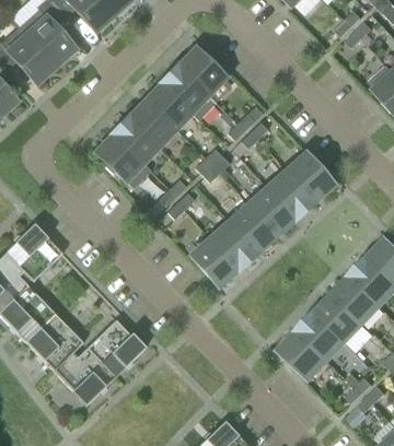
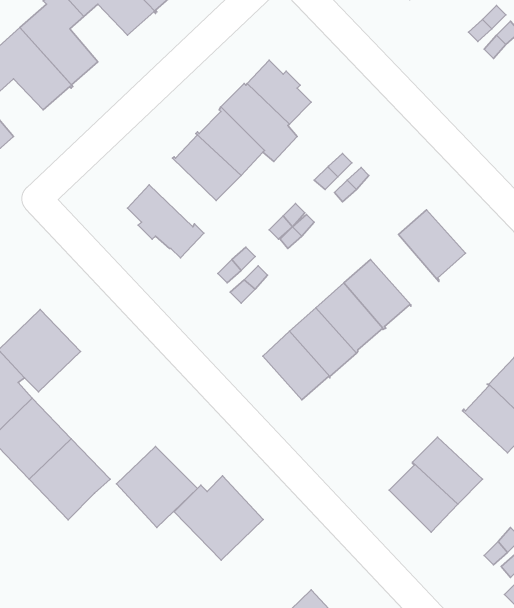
building: [111,117,158,165] -> none
building: [266,171,314,220] -> none
building: [313,294,362,342] -> none
building: [54,345,116,404] -> [174,476,263,560]

